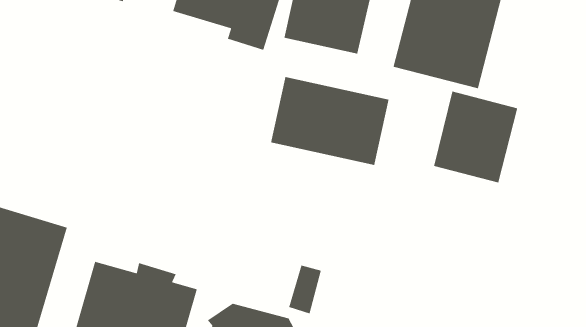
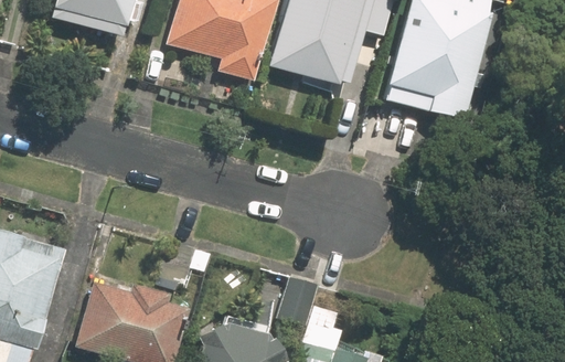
building: [270,76,390,166] -> none
building: [433,90,518,183] -> none

